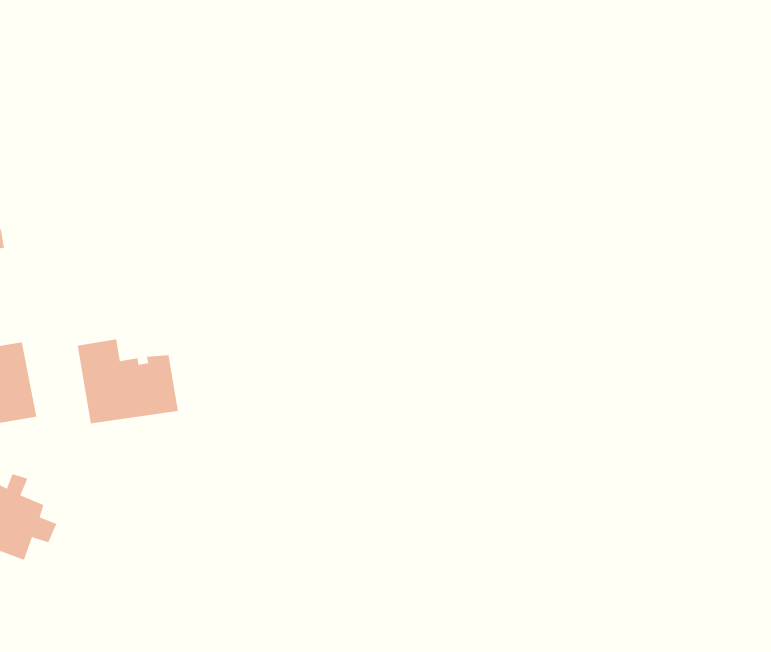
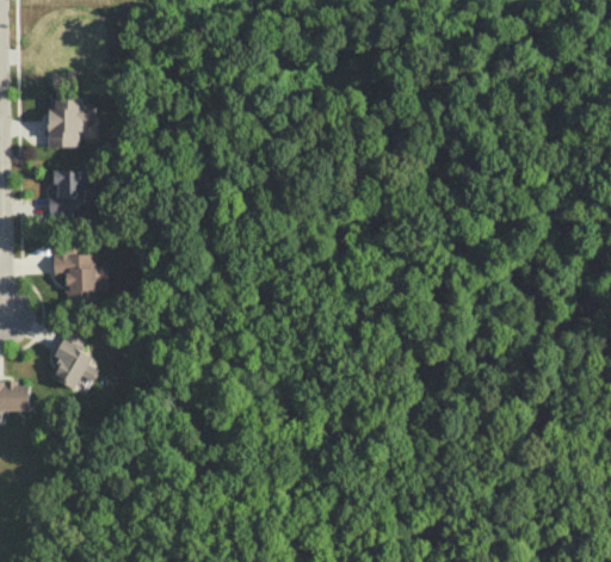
building: [77,339,178,424] -> none

